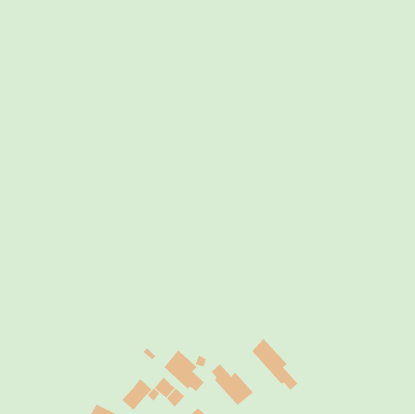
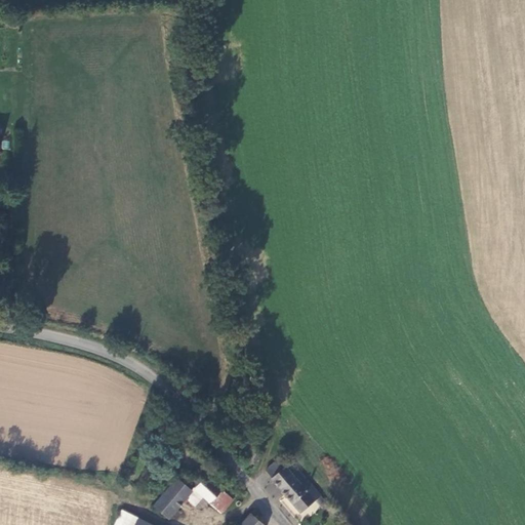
building: [251,338,298,390] -> none
building: [163,350,205,392] -> none

